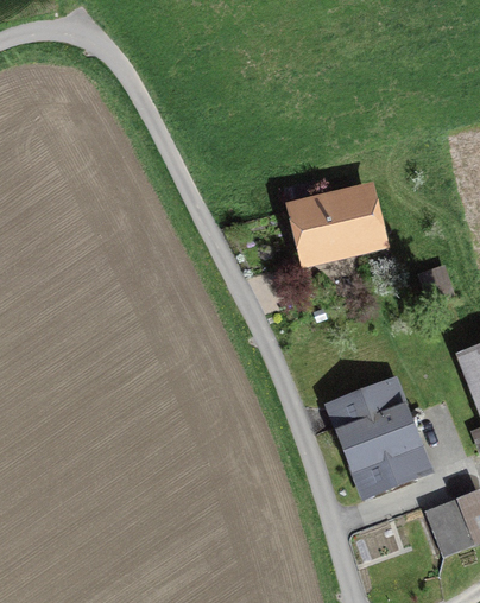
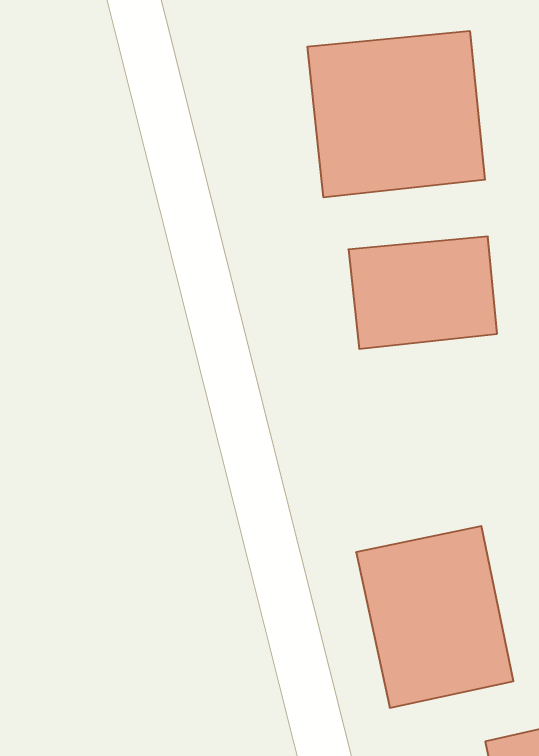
building: none -> [308,31,485,197]

